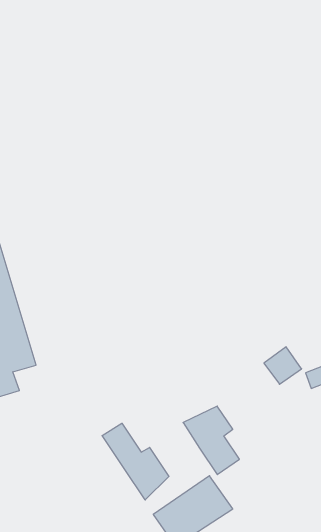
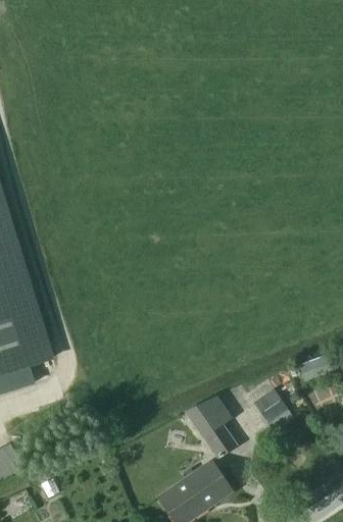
building: [264,347,302,384] -> [253,388,288,423]
building: [102,423,169,500] -> none

